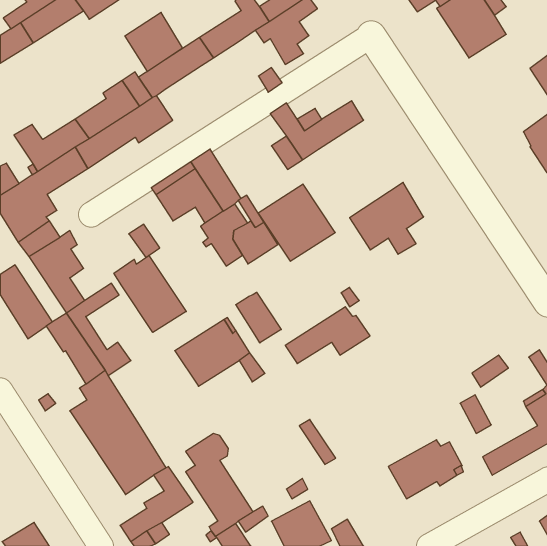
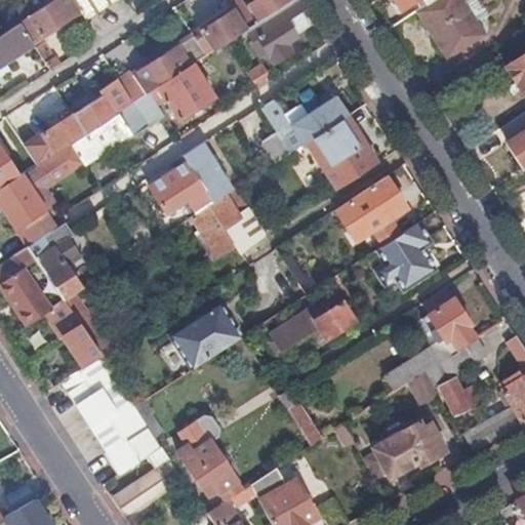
building: [125,12,183,71] -> [159,63,214,119]
building: [258,184,335,261] -> [306,115,379,189]
building: none -> [374,221,435,290]
building: [114,255,186,332] -> none
building: [236,292,281,343] -> none
building: none -> [385,285,477,391]

